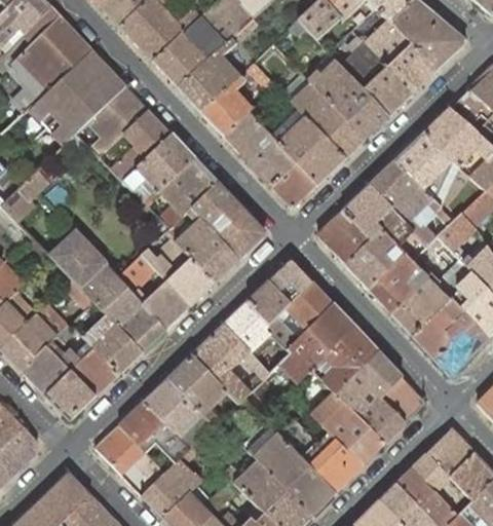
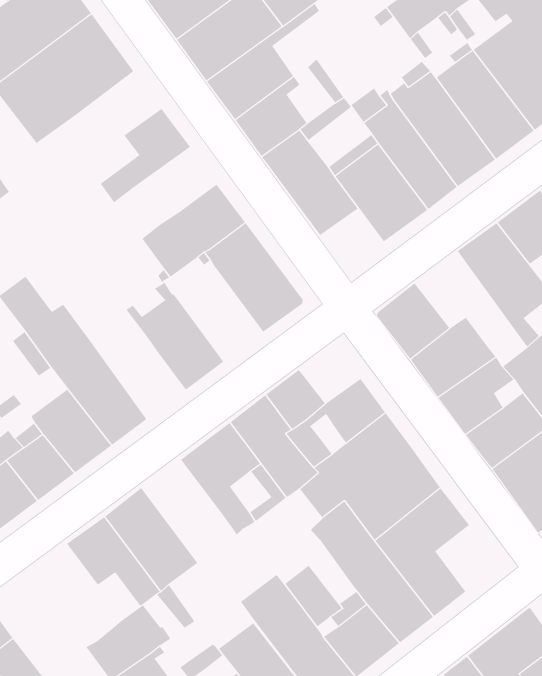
building: [87,85,149,155] -> none
building: [123,134,194,202] -> none
building: [271,162,316,206] -> none
building: [342,184,413,257] -> none
building: [175,216,239,281] -> none
building: [117,254,190,329] -> none
building: [268,260,312,302] -> none
building: [167,354,227,425] -> none
building: [380,375,425,422] -> none
building: [94,423,165,489] -> none

